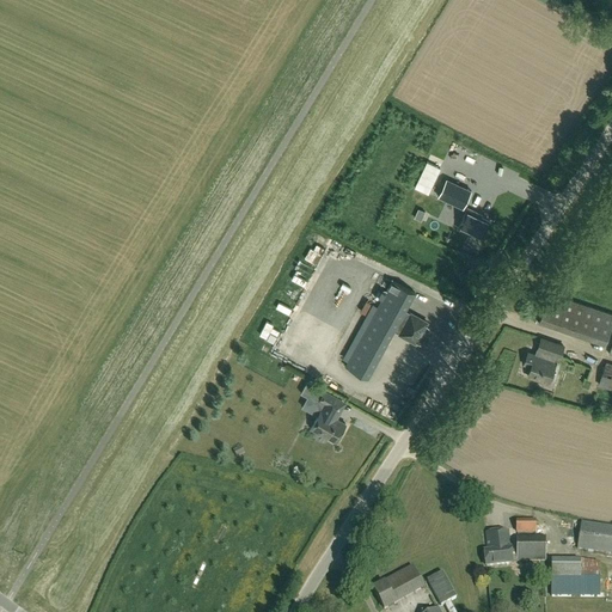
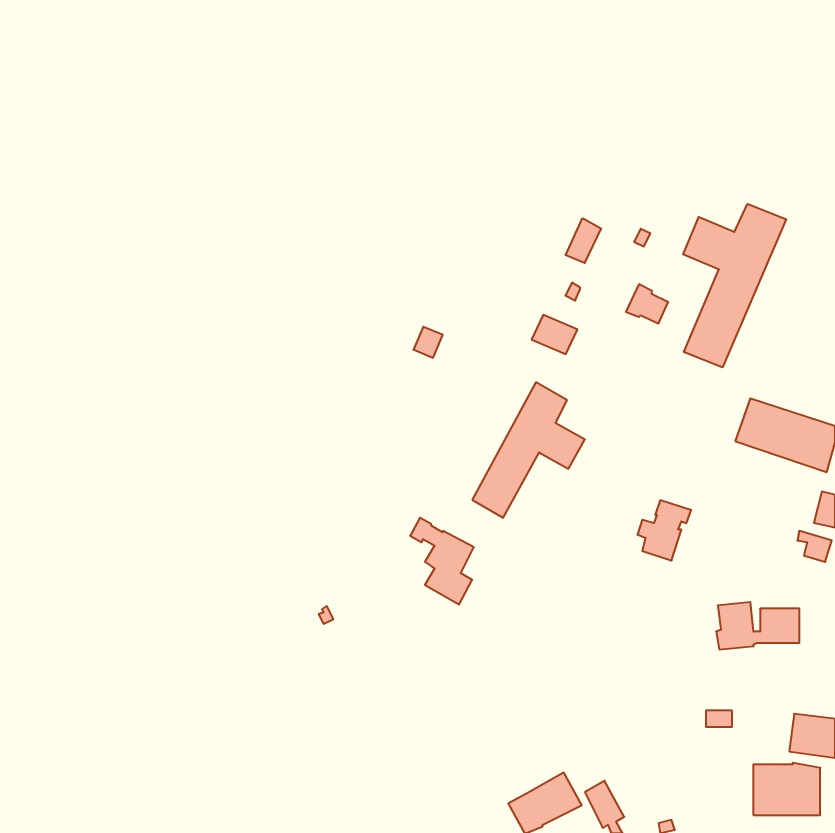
building: none -> [683,204,786,367]
building: [437,178,471,207] -> [532,315,577,354]
building: [525,338,564,382] -> [637,500,691,561]
building: [484,531,545,565] -> [716,602,799,649]

